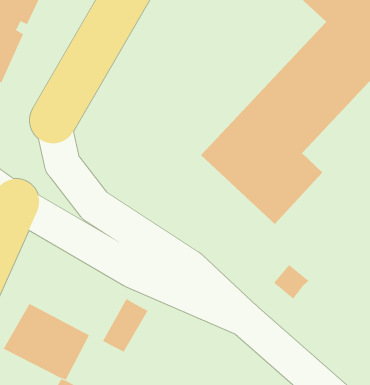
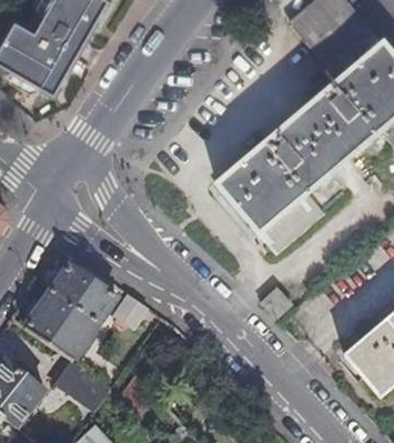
building: none -> [50,268,114,323]

